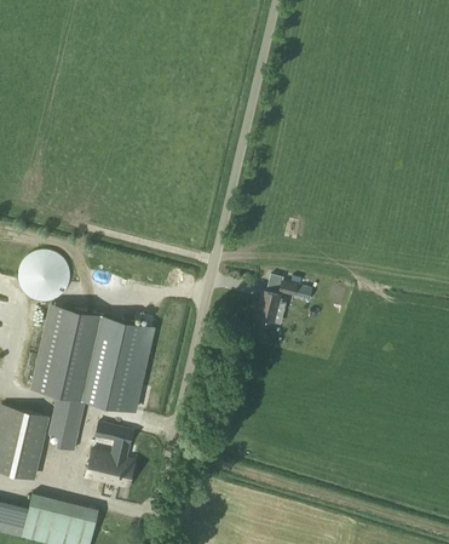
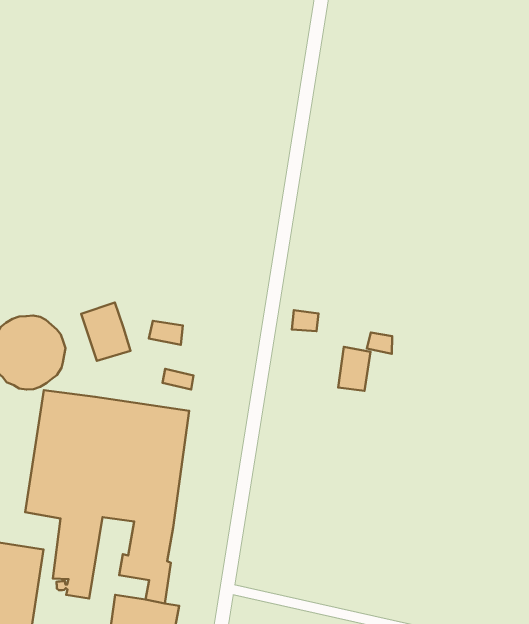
building: none -> [81,302,130,361]

